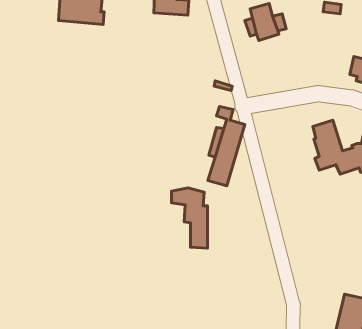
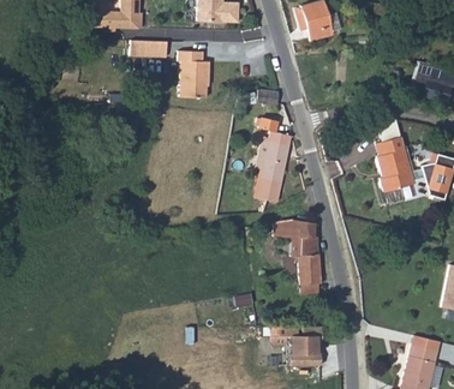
building: none -> [127,40,165,59]
building: none -> [178,48,210,95]
building: [171,188,207,248] -> [279,219,319,287]
building: none -> [289,335,322,367]

